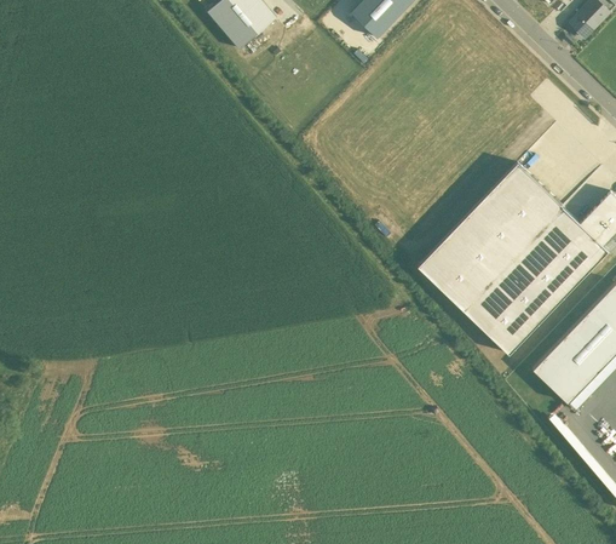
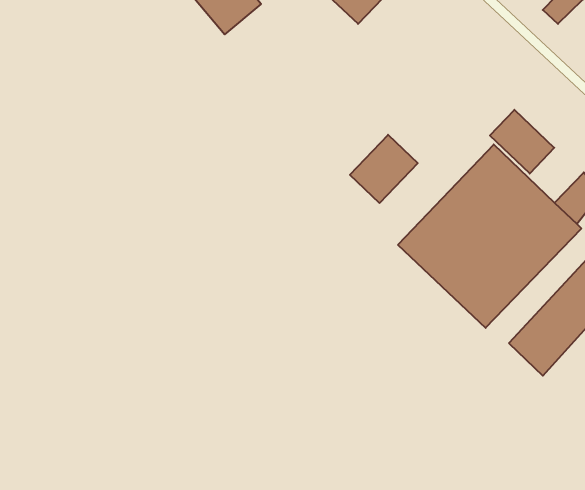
building: none -> [490,110,554,174]
building: none -> [350,135,418,203]

